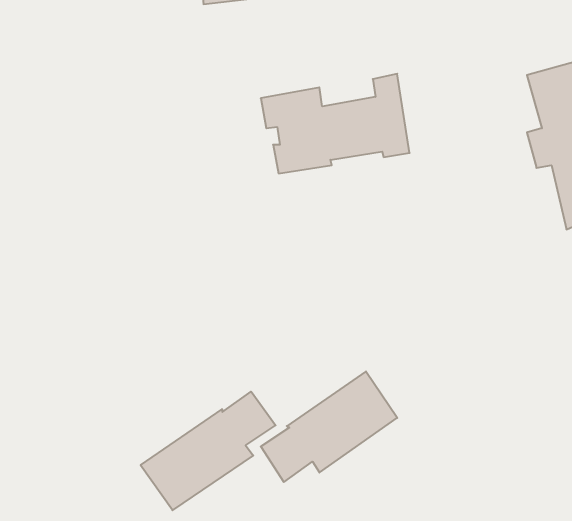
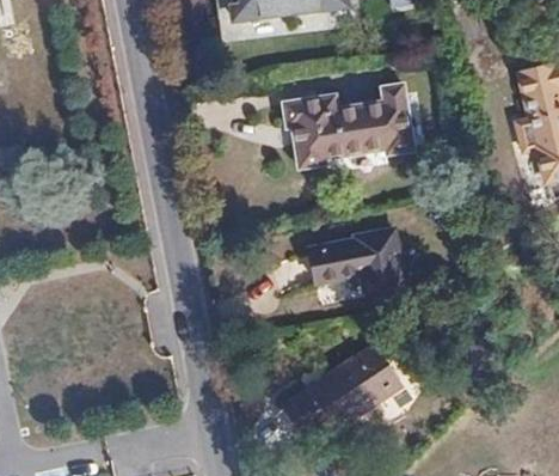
building: none -> [307,225,404,297]
building: [141,392,276,510] -> none

